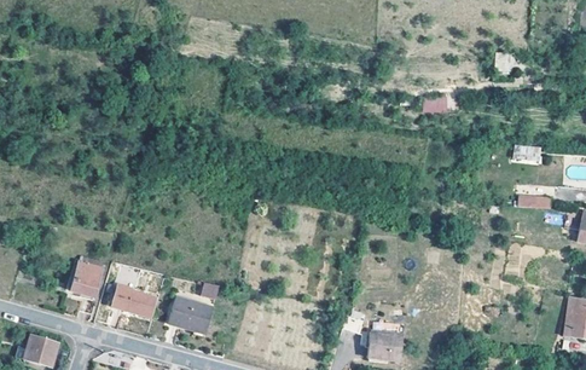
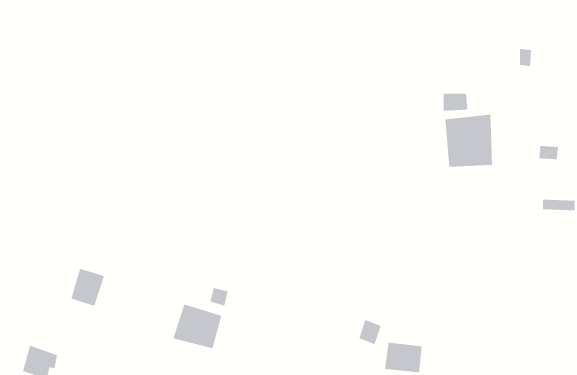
building: none -> [445,114,492,168]
building: [112,284,156,318] -> none

